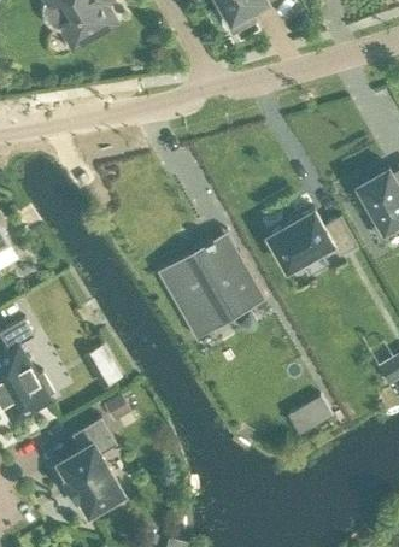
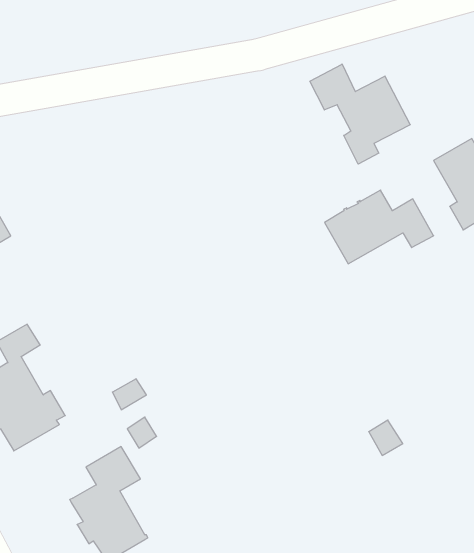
building: none -> [310,64,410,164]
building: [157,240,265,340] -> none

